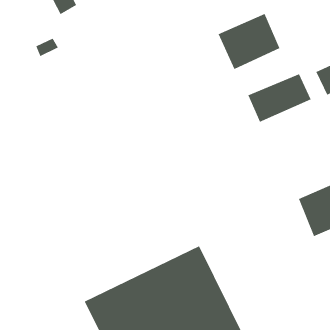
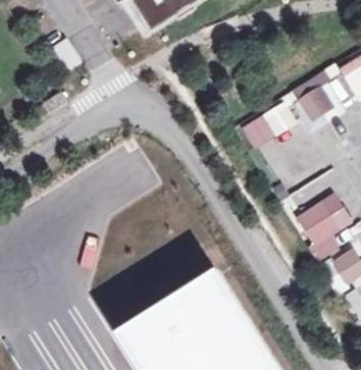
building: [218,13,280,70] -> none

